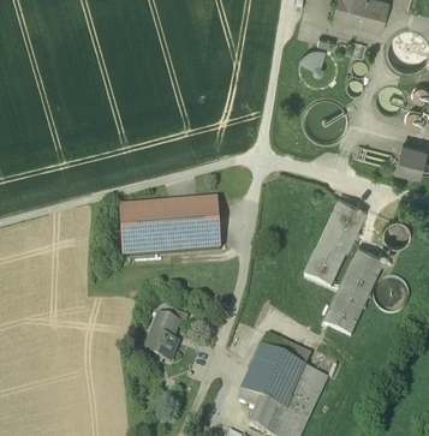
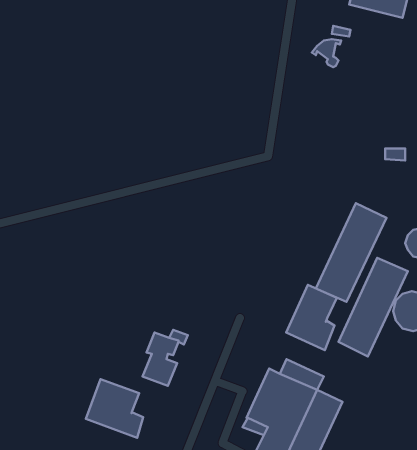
building: [119,198,220,253] -> none
building: none -> [286,285,337,350]
building: none -> [86,379,143,438]

